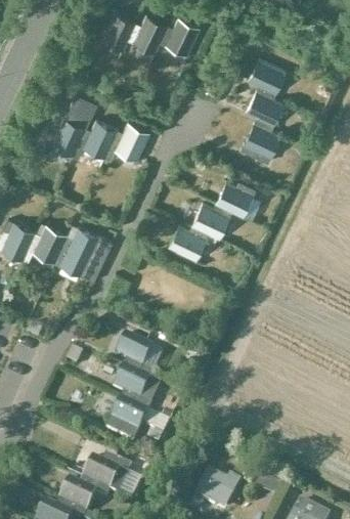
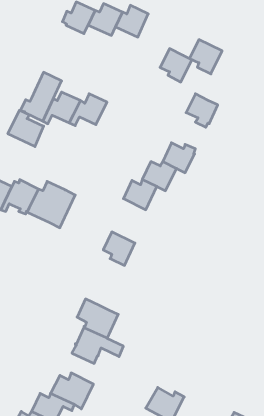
building: [245,92,282,132] -> [160,49,192,82]
building: none -> [8,110,44,147]
building: [115,337,152,377] -> [103,232,135,265]

